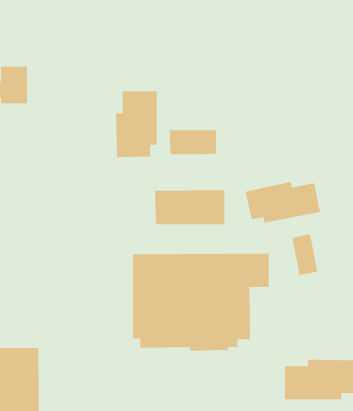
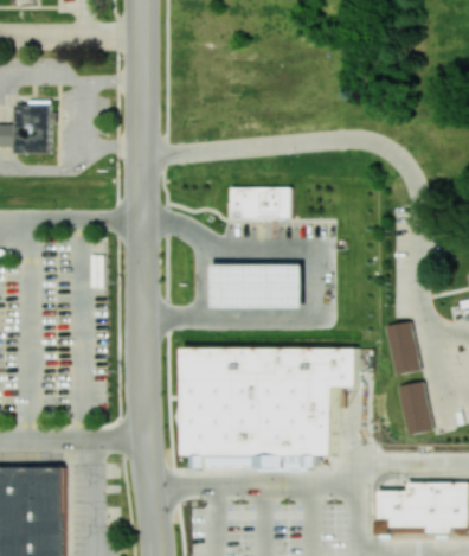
building: [116,90,157,158] -> none
building: [245,181,320,223] -> none
building: none -> [397,379,431,434]

